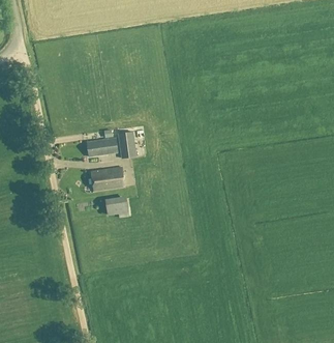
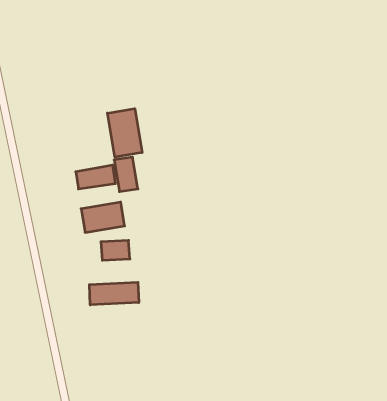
building: none -> [107,109,142,157]
building: none -> [89,282,139,305]

